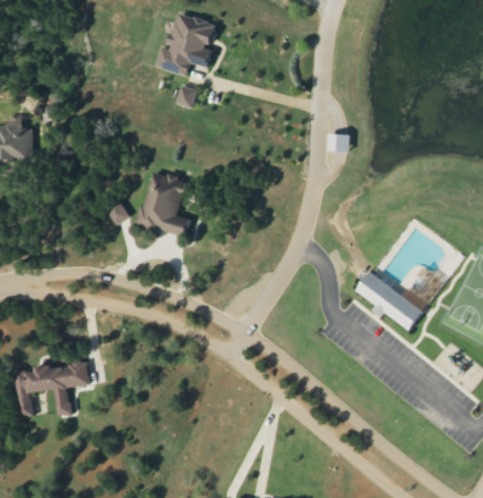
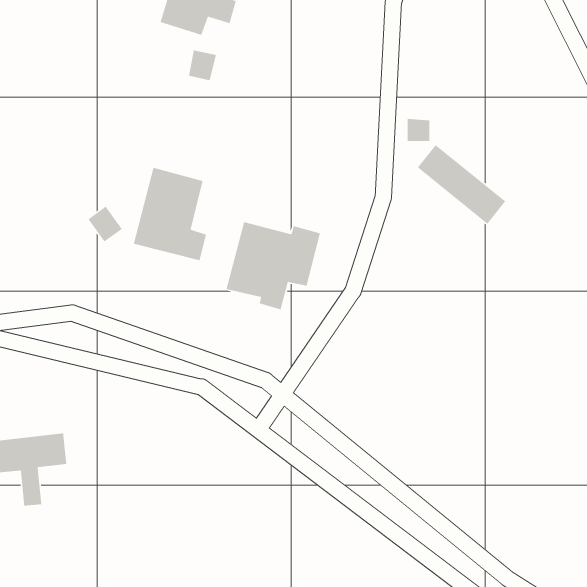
building: none -> [226,221,321,311]
building: [360,273,424,331] -> [417,144,506,225]

